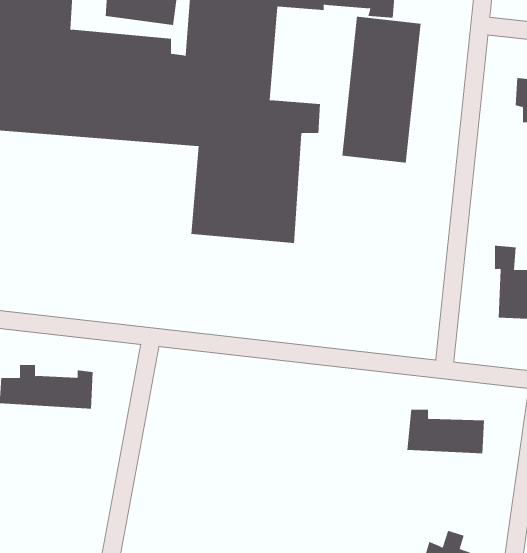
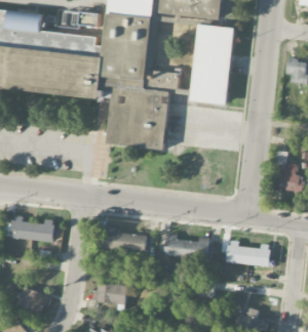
building: none -> [103,233,147,250]
building: none -> [164,234,209,260]
building: none -> [95,284,126,303]
building: none -> [17,287,48,314]

